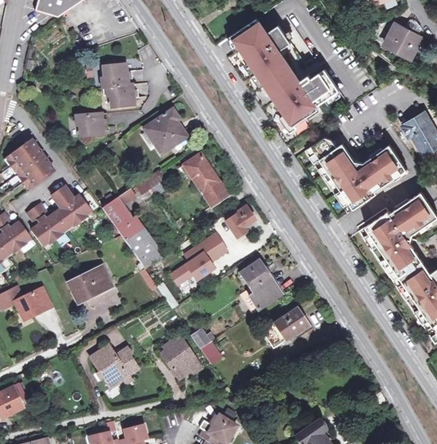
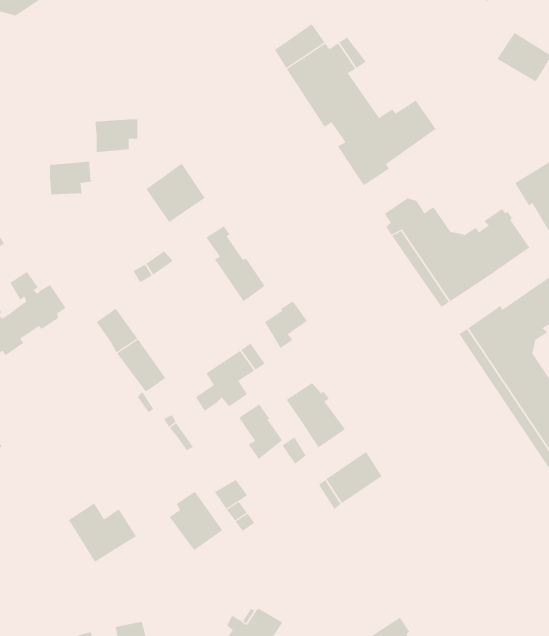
building: [107,62,136,84] -> none
building: [102,188,136,221] -> none
building: [67,265,110,302] -> none
building: none -> [238,404,283,460]

